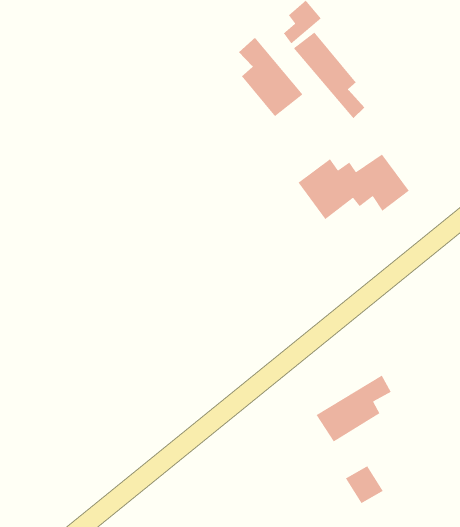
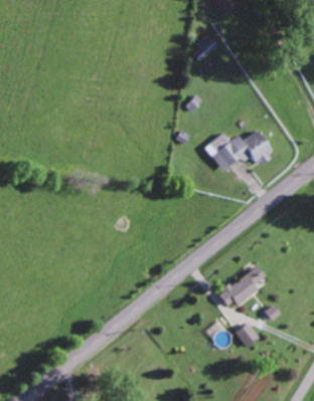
building: [293,31,365,119] -> none
building: [238,37,303,117] -> none

